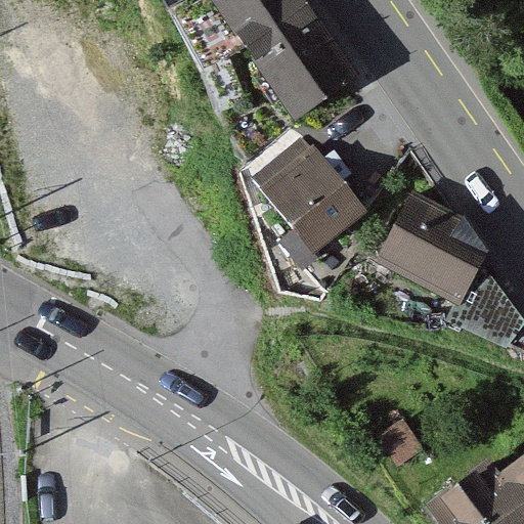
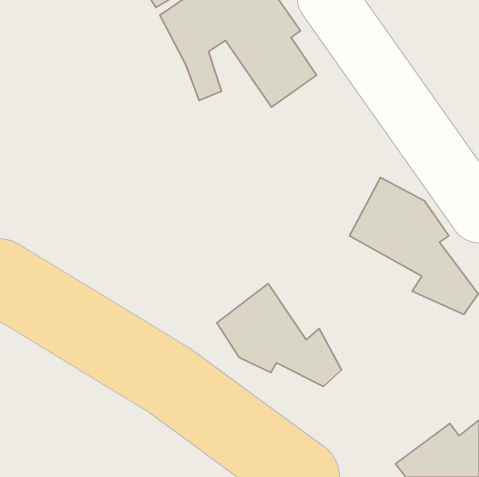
building: [253,136,363,252] -> none
building: none -> [217,283,342,387]

